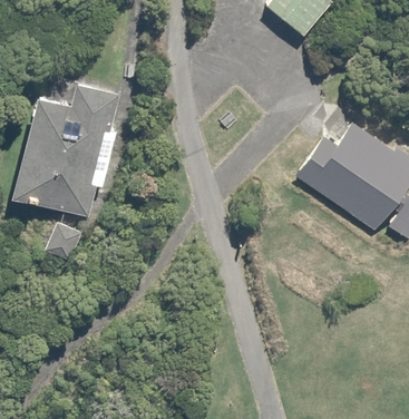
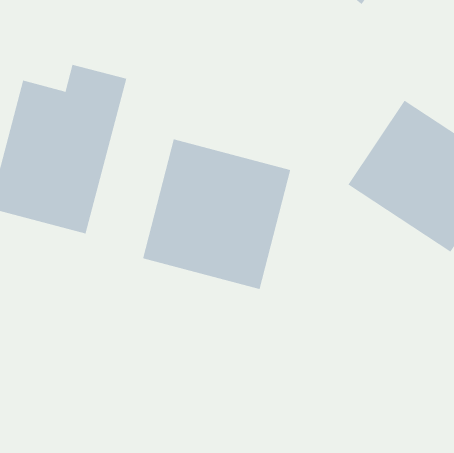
building: none -> [142,139,291,290]

